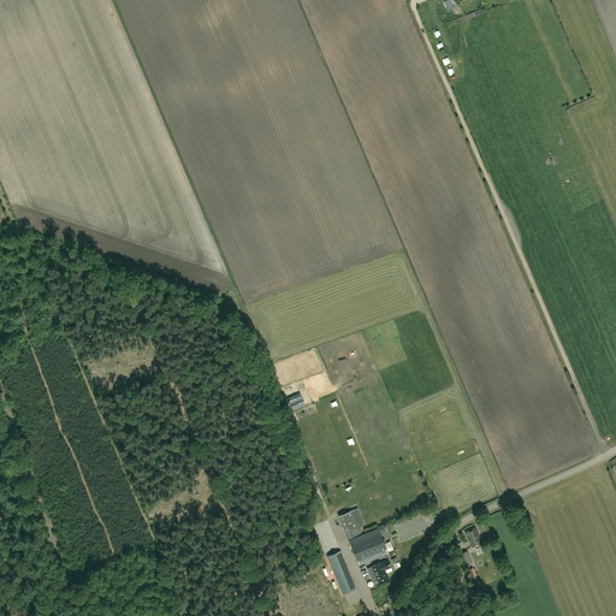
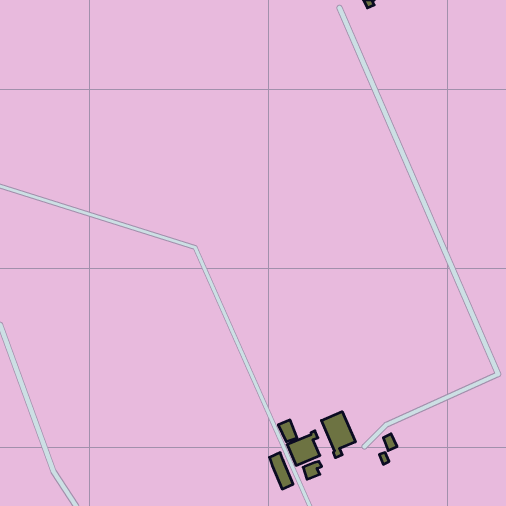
building: none -> [321,412,355,458]

